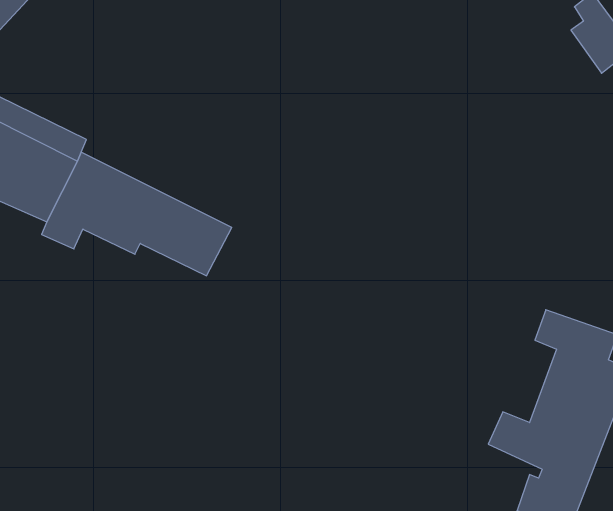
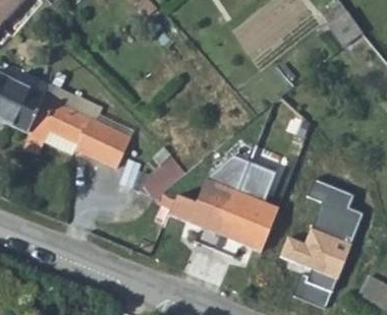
building: none -> [145,151,185,200]
building: none -> [172,155,283,252]

